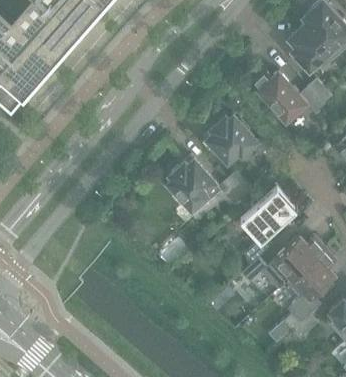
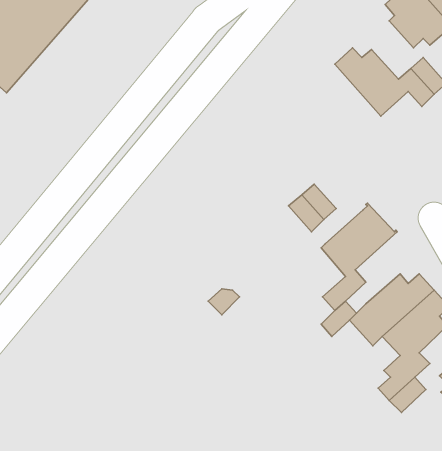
building: [206,116,257,163] -> none
building: [167,160,215,214] -> none

